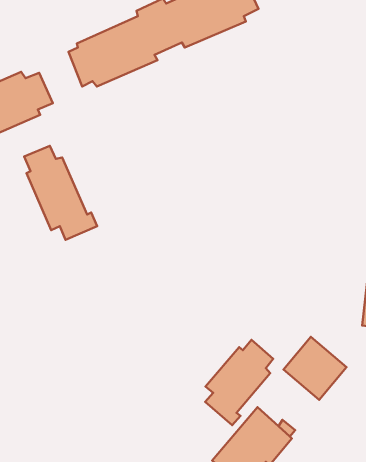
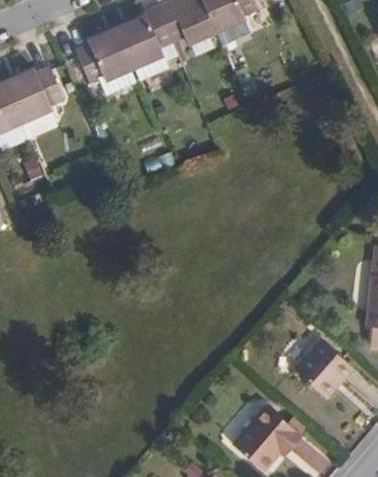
building: [24,146,97,240] -> none
building: [205,340,273,425] -> none

